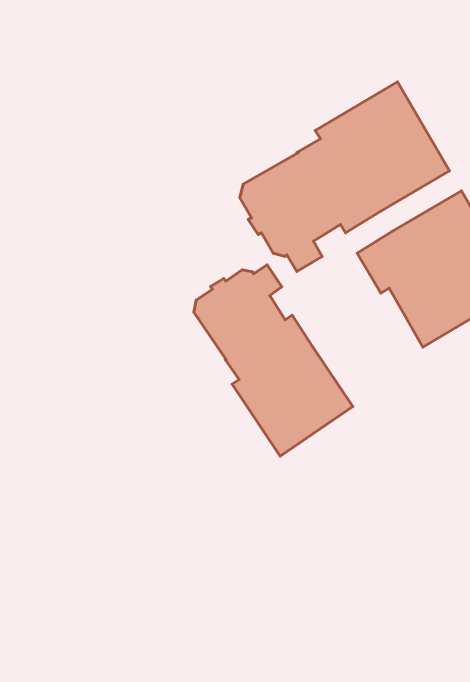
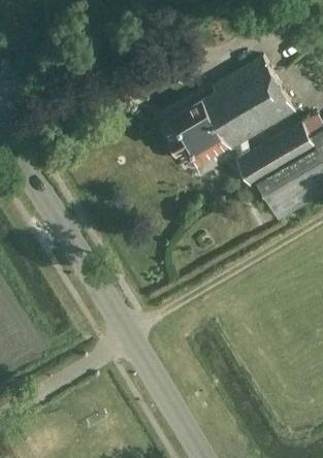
building: [194,265,353,456] -> none

